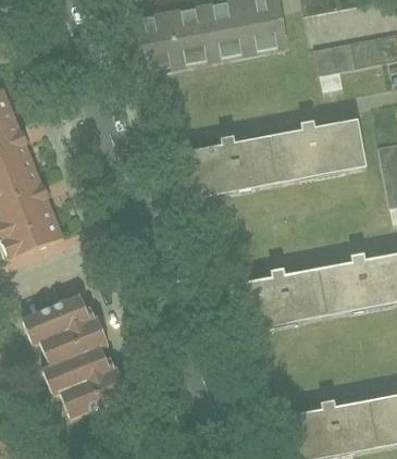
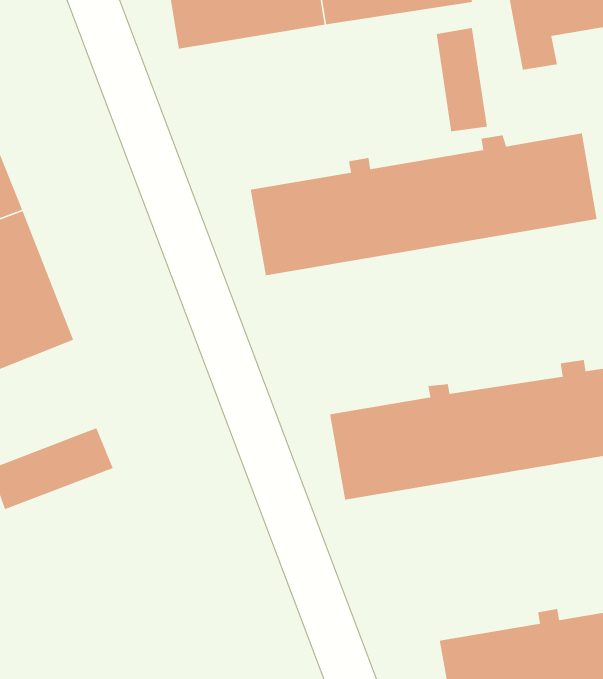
building: none -> [436,27,488,132]
building: [30,314,104,362] -> none
building: [40,343,110,390] -> none
building: [54,370,125,418] -> none

